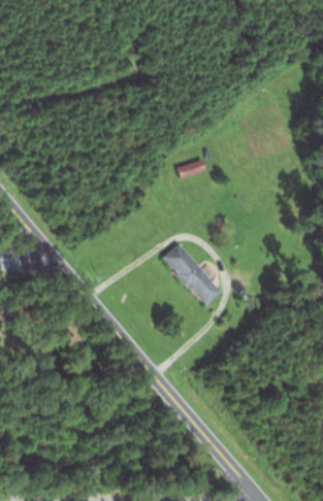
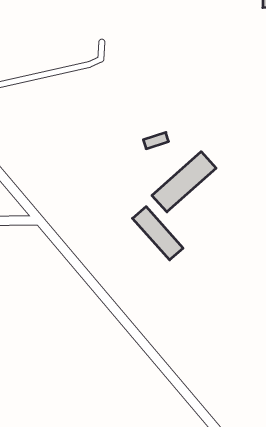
building: none -> [152,152,216,212]

